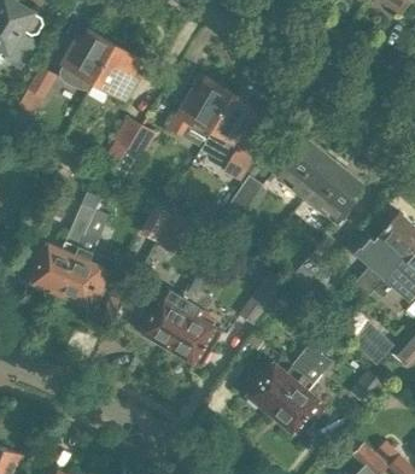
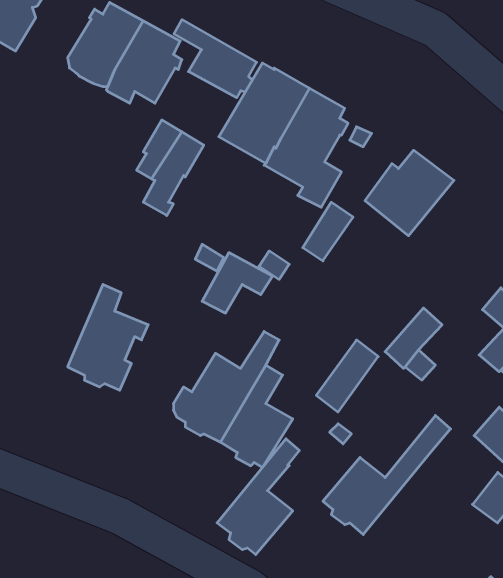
building: none -> [174,20,257,98]
building: [19,64,58,113] -> none
building: [304,158,366,224] -> none
building: [23,204,95,292] -> none
building: [271,352,331,435] -> [217,439,299,555]

